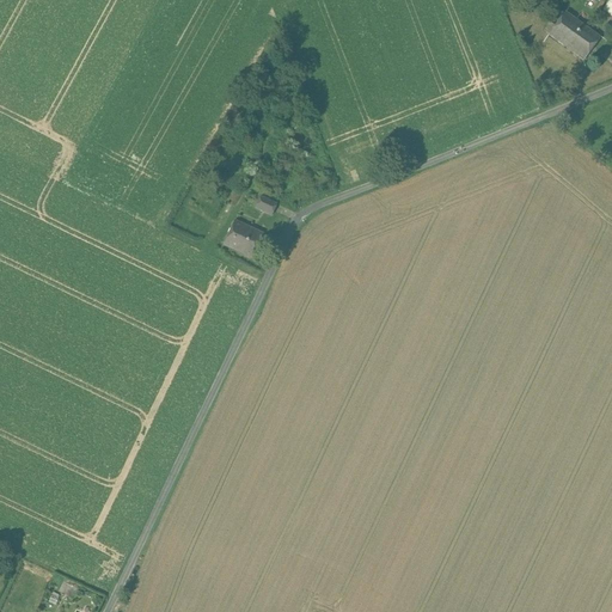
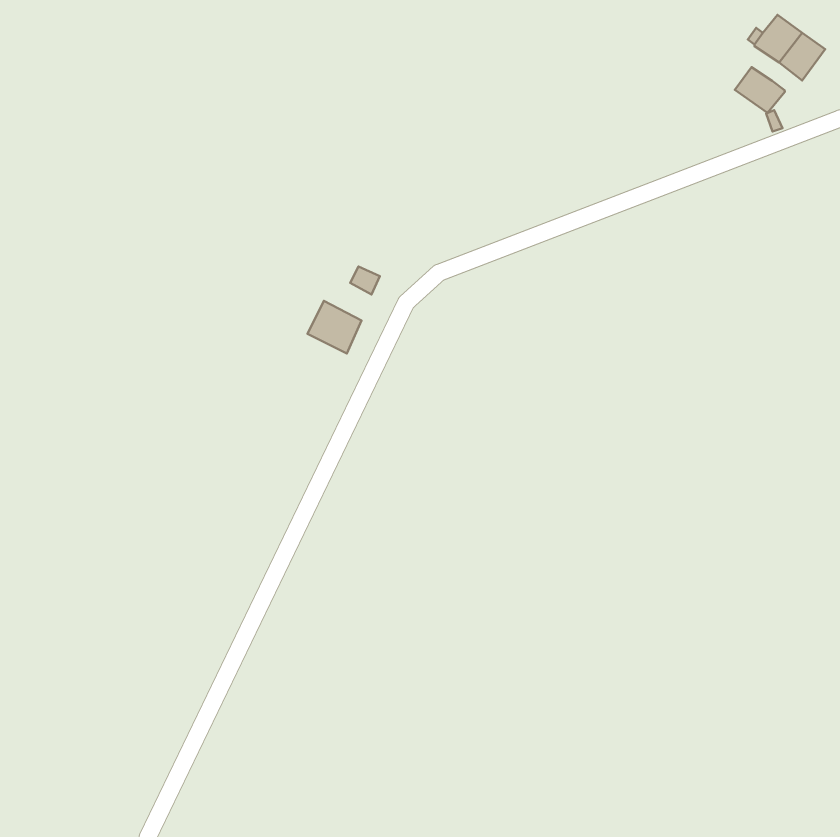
building: none -> [735,67,785,113]

